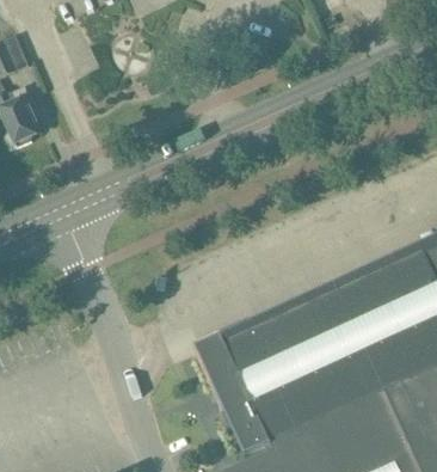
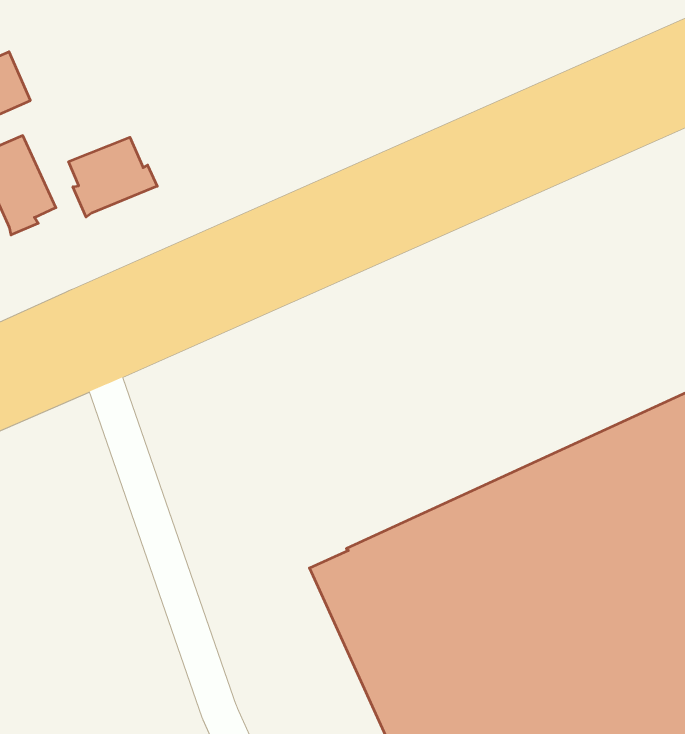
building: none -> [69,137,157,217]

